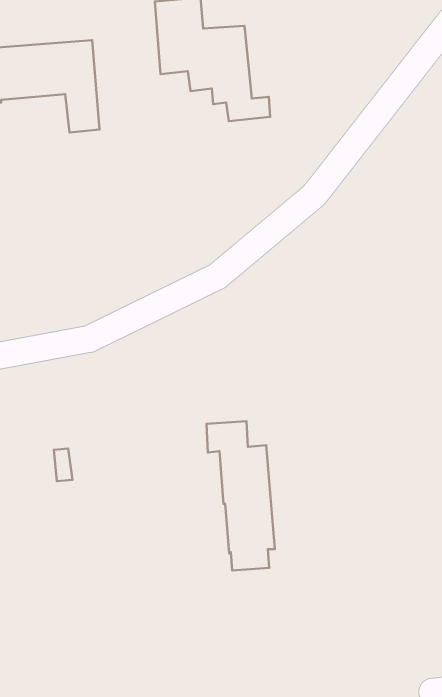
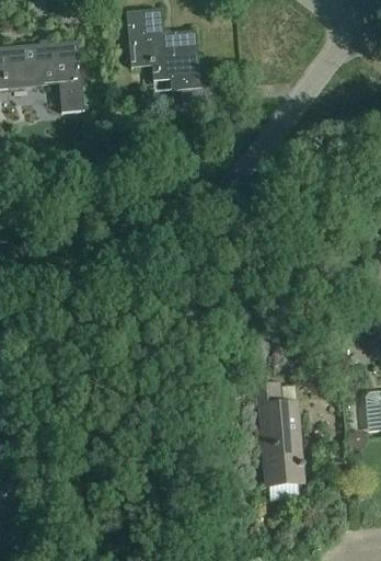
building: [207,421,275,571] -> [250,381,302,496]

